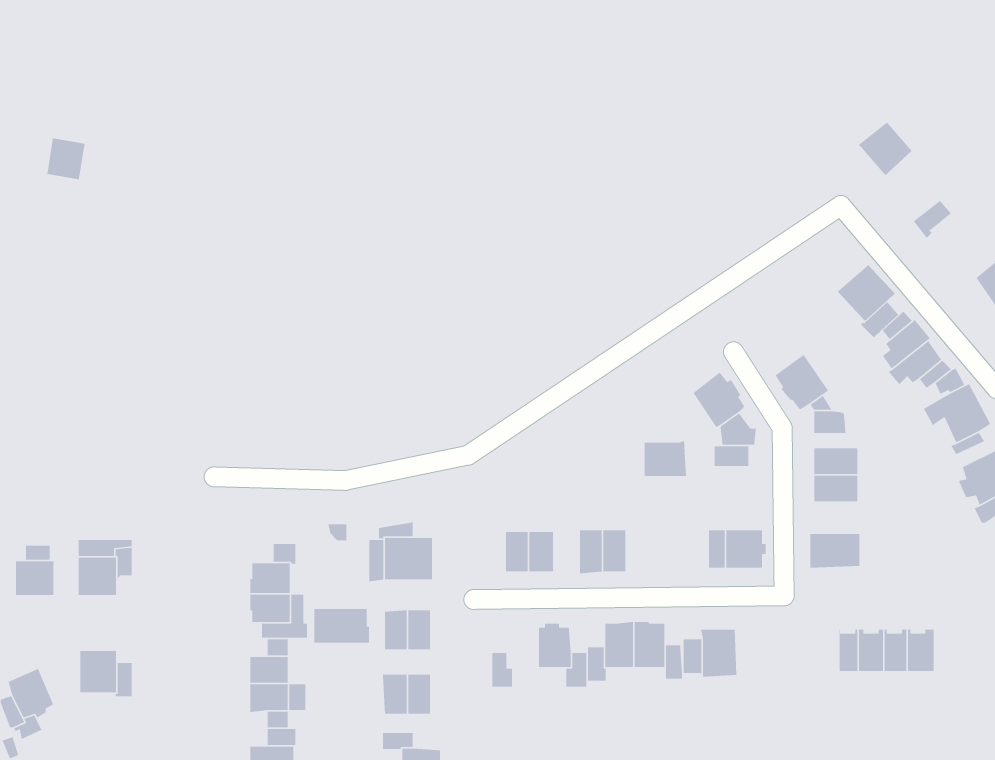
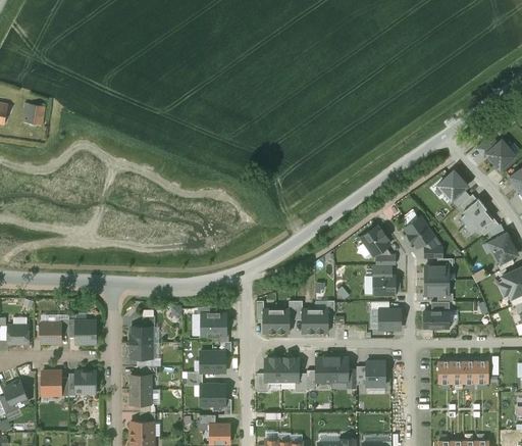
building: [858,122,913,176] -> [486,141,515,169]
building: [644,440,687,477] -> [373,276,396,295]
building: none -> [76,321,96,343]
building: [313,608,370,644] -> none
building: none -> [265,358,281,382]
building: none -> [75,371,96,393]

